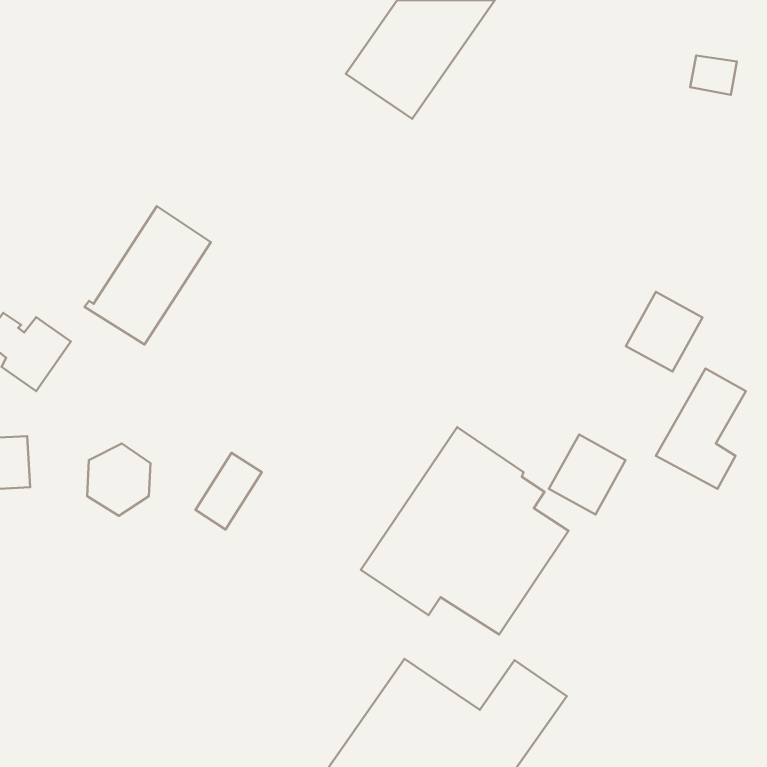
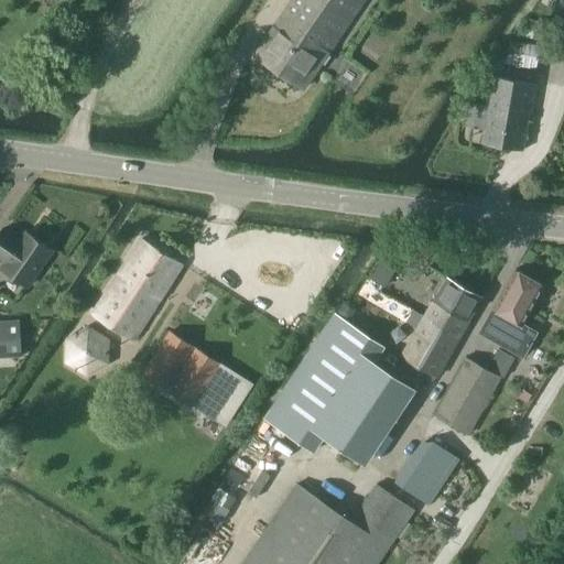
building: none -> [468,74,536,149]
building: [85,206,211,344] -> [89,239,182,340]
building: [626,292,703,372] -> [424,280,480,338]
building: none -> [170,349,248,425]
building: none -> [435,350,514,436]
building: none -> [395,442,453,501]

